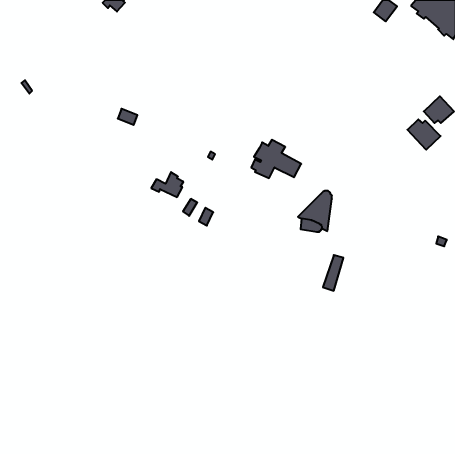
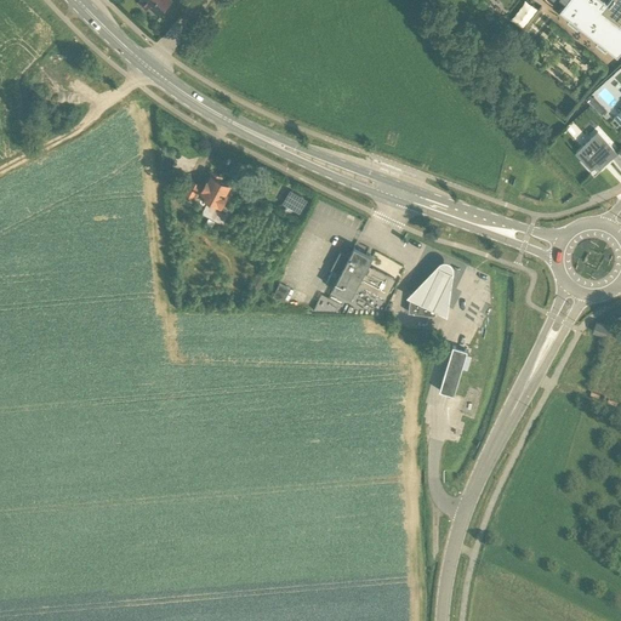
building: [407,119,441,150] -> none
building: [251,140,301,178] -> [327,249,395,301]
building: [151,172,183,197] -> [186,173,229,207]

